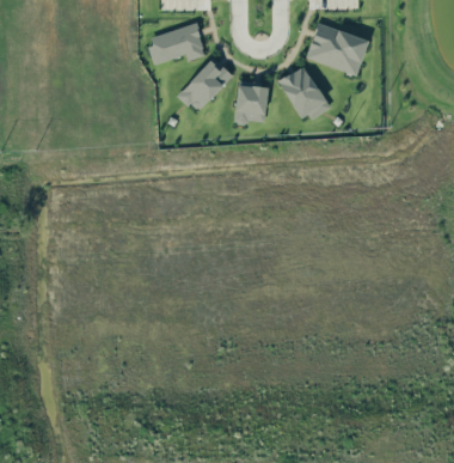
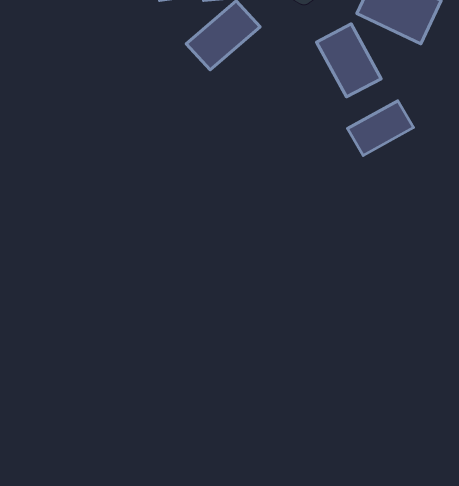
building: [235,85,268,123] -> none
building: none -> [347,101,414,155]

